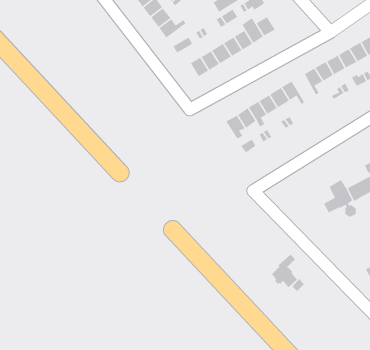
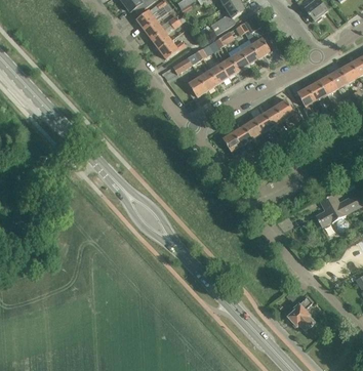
building: [271,254,298,288] -> [288,296,314,329]

